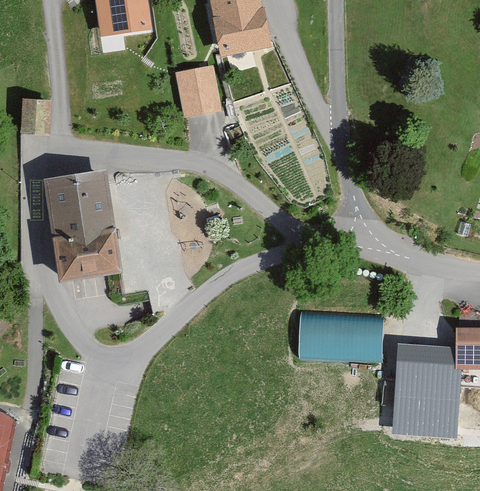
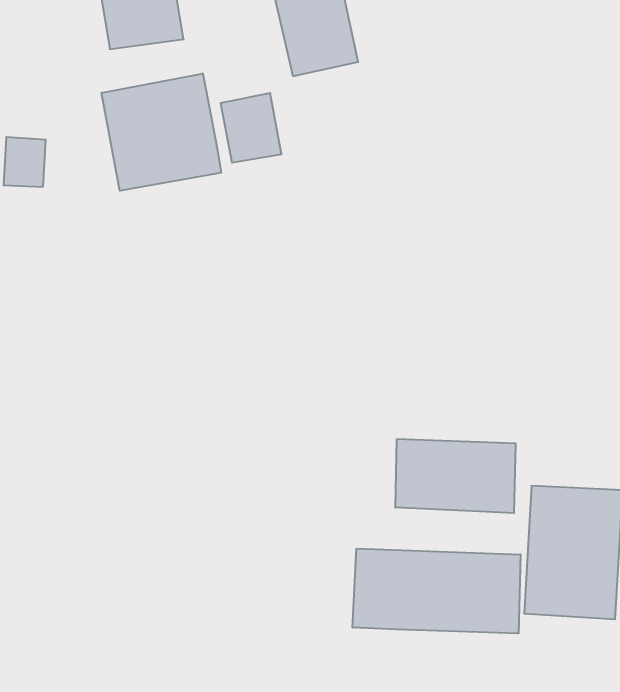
building: none -> [102,73,221,191]
building: [47,170,124,281] -> none
building: none -> [353,549,521,633]

